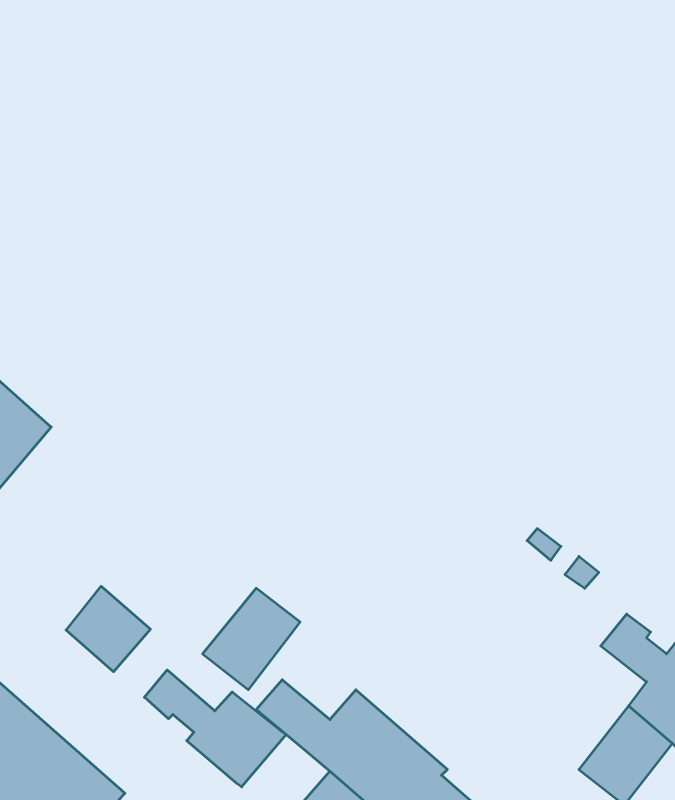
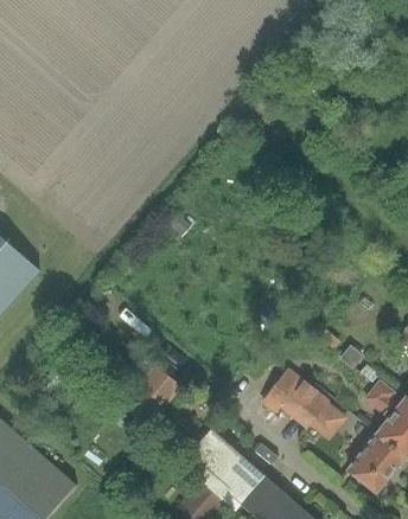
building: [66,586,150,672] -> none
building: none -> [260,369,349,443]
building: [144,670,286,787] -> none

